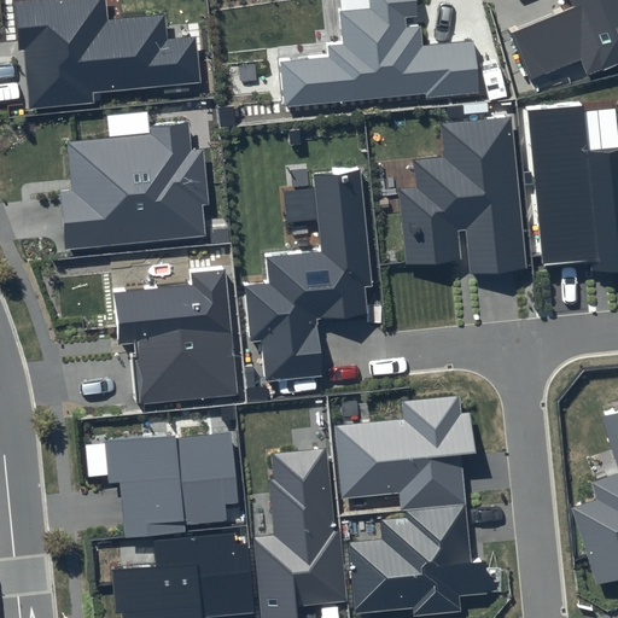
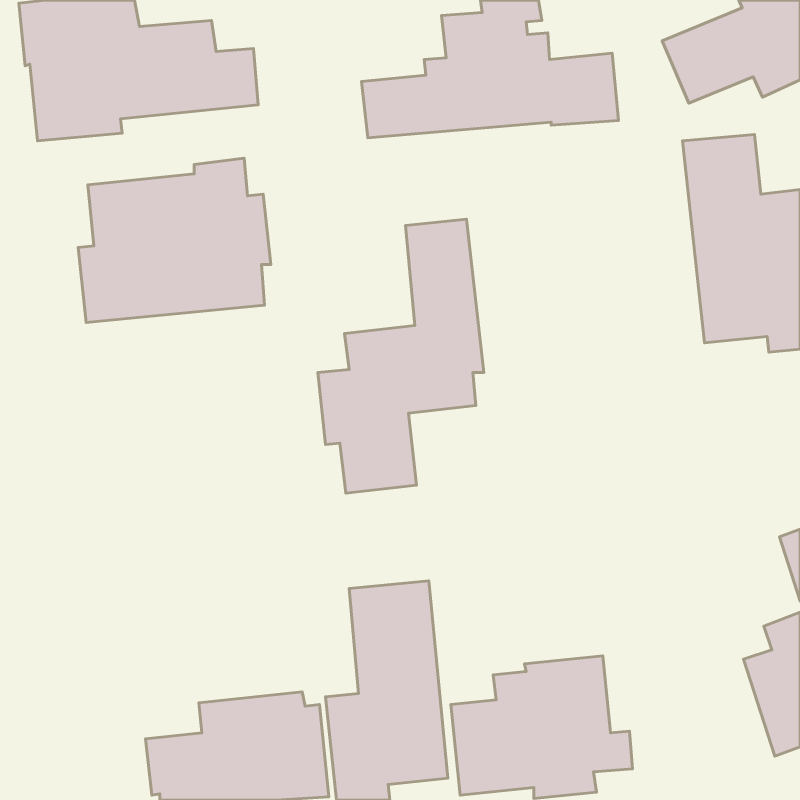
building: [398,117,527,273] -> none
building: [113,270,235,403] -> none
building: [334,396,478,509] -> none
building: [87,432,238,536] -> none

